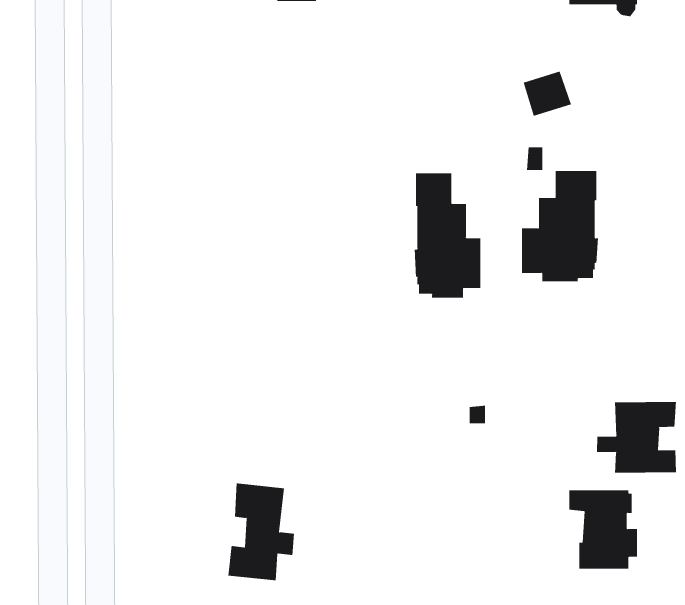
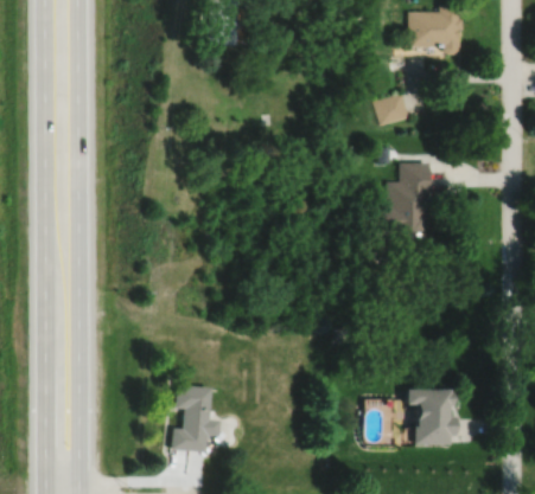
building: [414,173,481,298] -> none
building: [596,401,677,473] -> none

